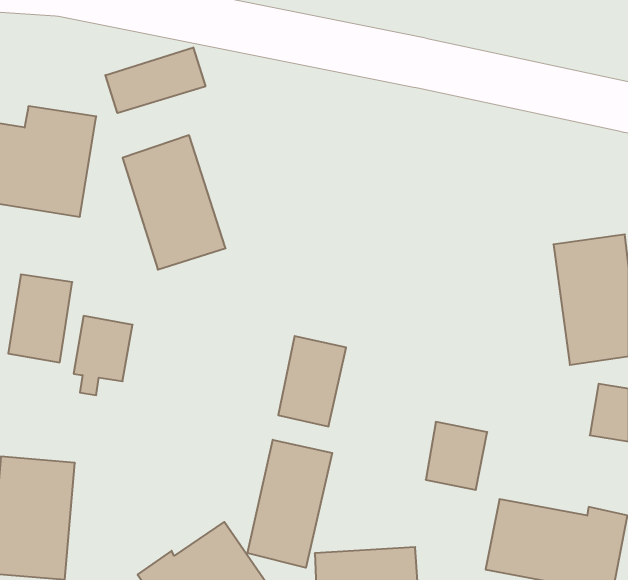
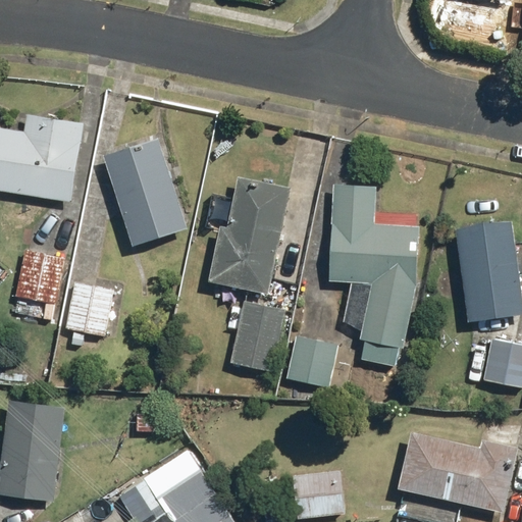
building: [105,47,205,113] -> none
building: none -> [210,176,291,295]
building: none -> [329,184,422,368]
building: [426,422,487,490] -> [288,334,337,389]
building: [248,440,332,568] -> none

